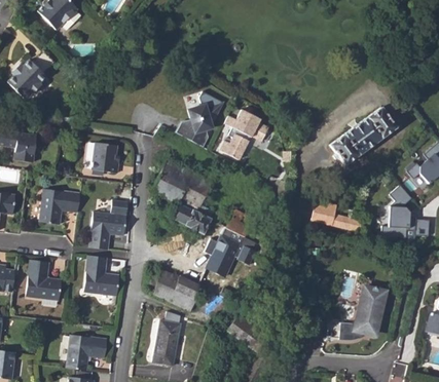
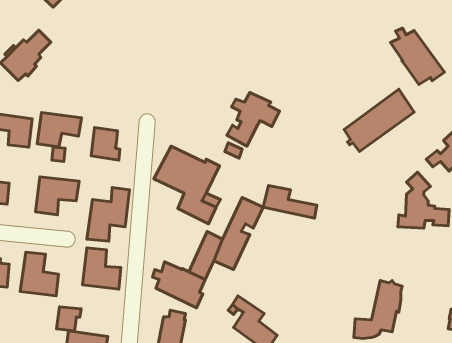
building: none -> [391,28,445,85]
building: [177,102,223,147] -> none
building: none -> [37,112,81,147]
building: [310,201,361,232] -> [263,185,317,218]
building: none -> [56,307,81,331]

